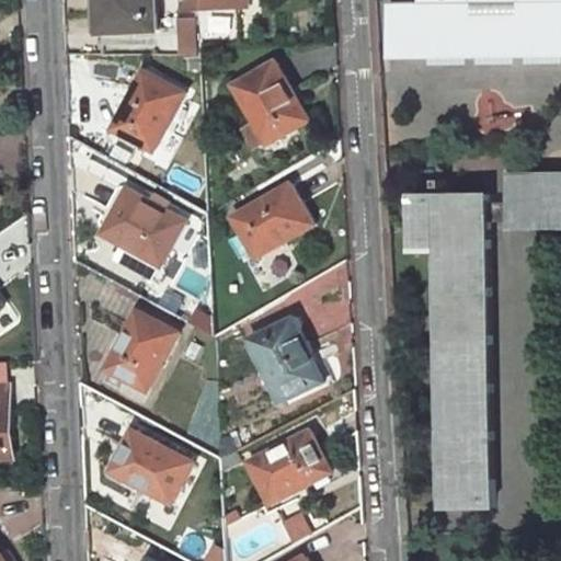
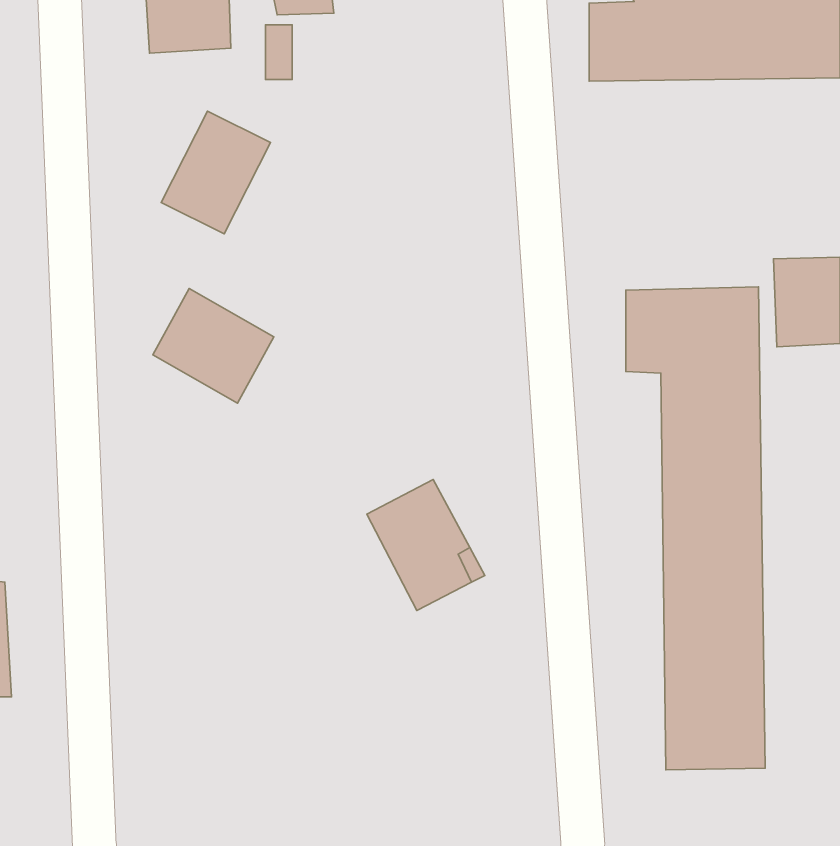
building: [229,62,302,142] -> none
building: [230,182,310,256] -> none
building: [103,311,174,394] -> none
building: [95,431,188,525] -> none
building: [247,432,327,504] -> none

